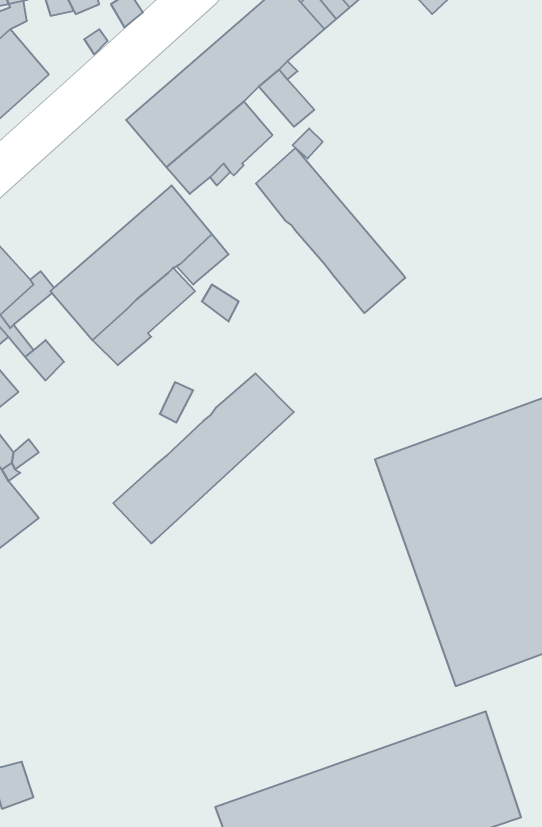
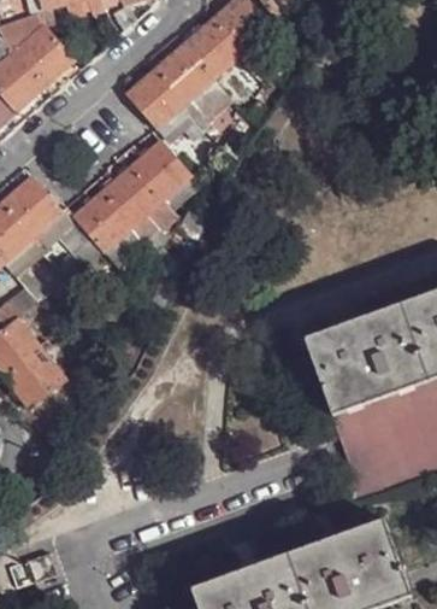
building: [256,148,405,313] -> none
building: [113,373,294,543] -> none

